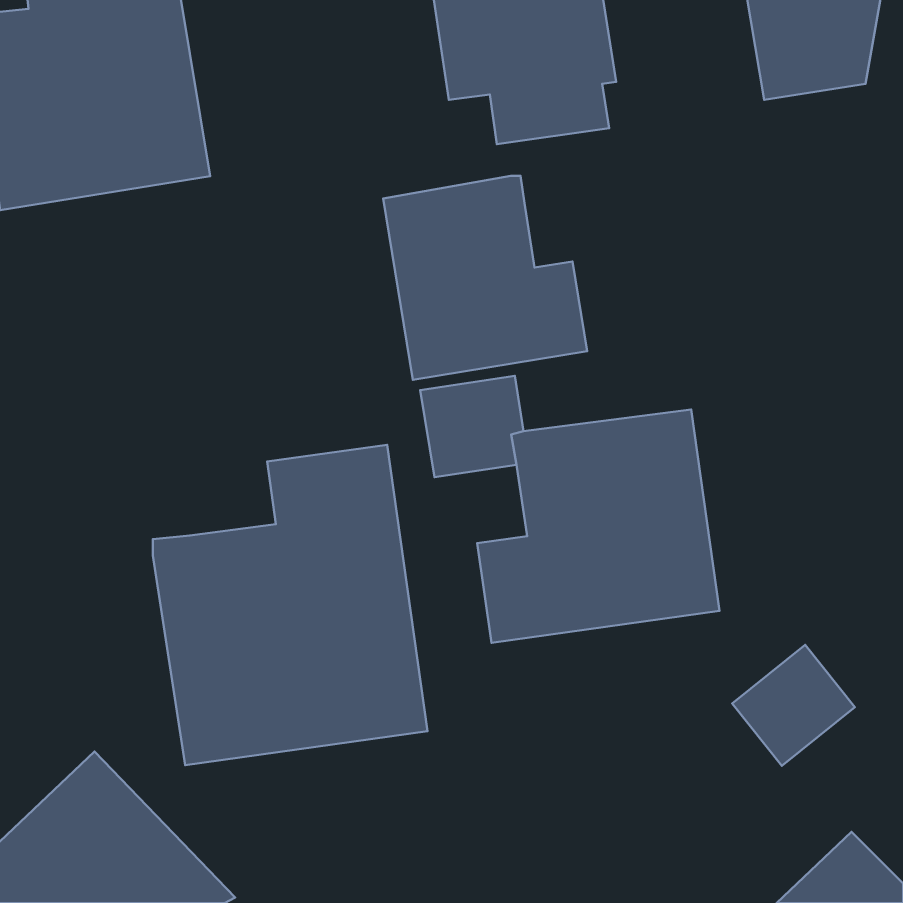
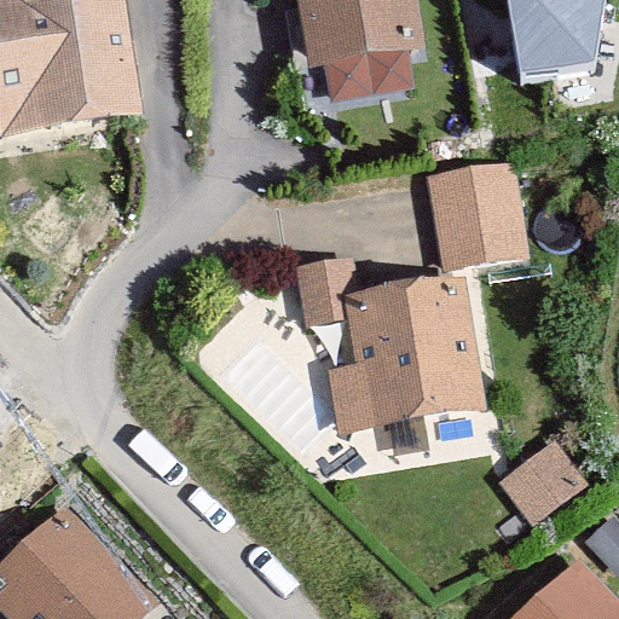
building: [383,176,587,380] -> none
building: none -> [433,160,530,268]
building: [153,445,427,765] -> none

